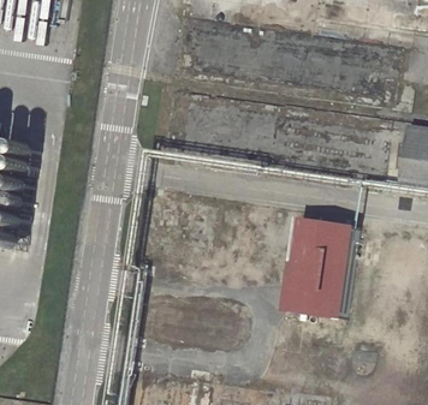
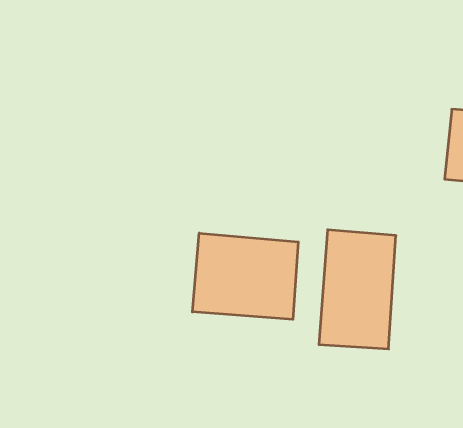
building: none -> [192,233,298,319]

